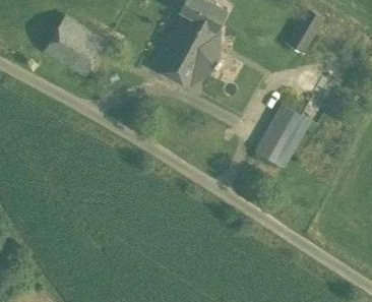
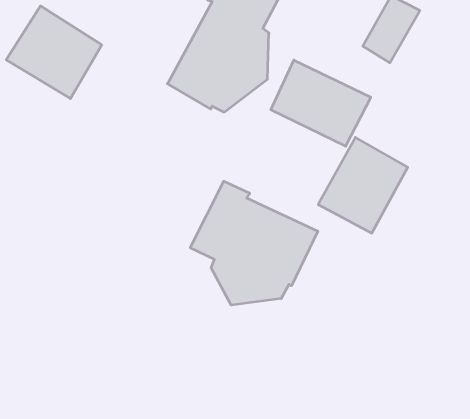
building: none -> [271,60,371,146]
building: none -> [190,181,318,305]

